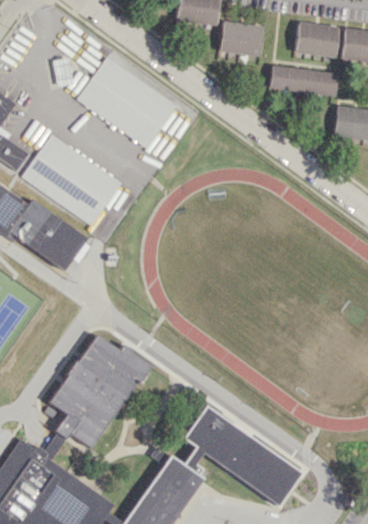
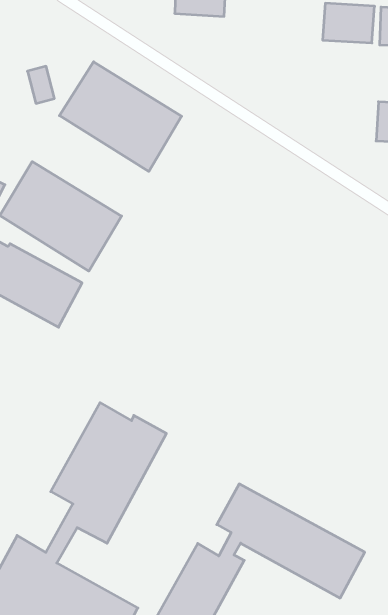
building: [220,21,264,57] -> none
building: [269,67,337,96] -> none

